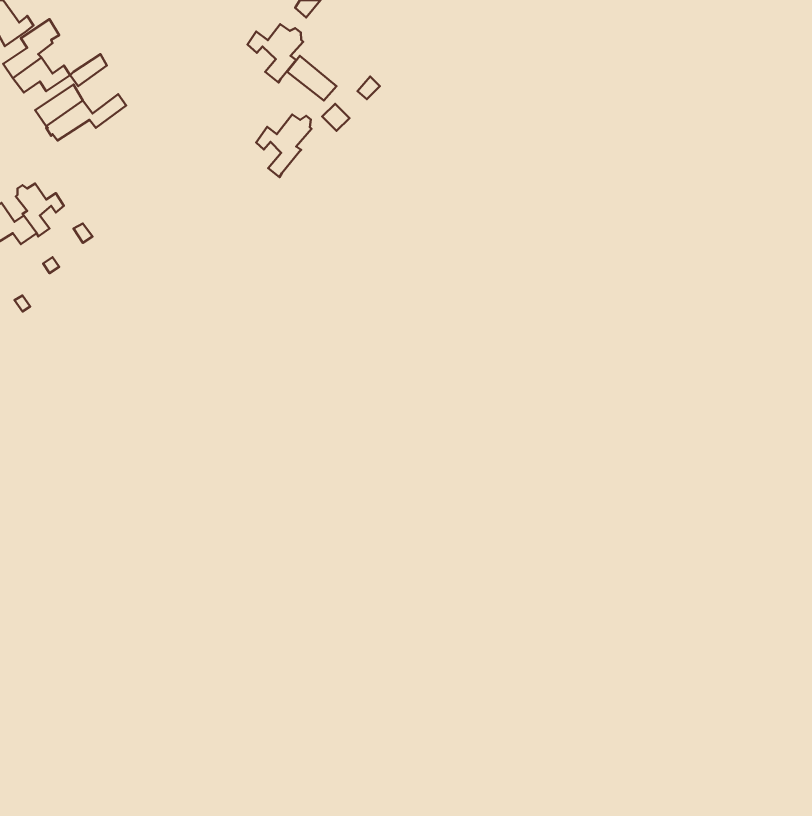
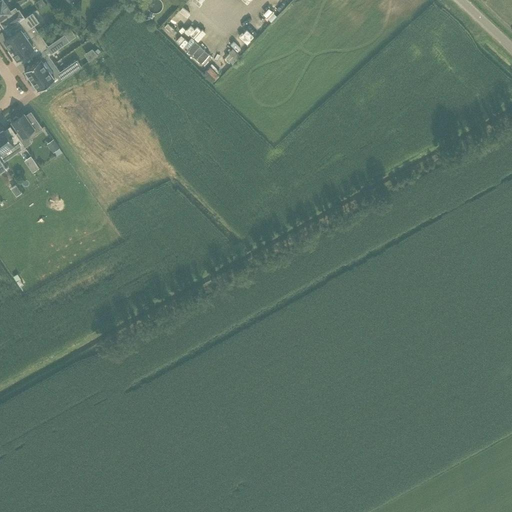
building: [247,24,303,83] -> none
building: [256,115,311,177] -> none

